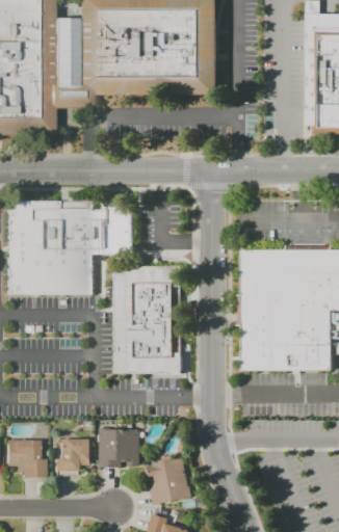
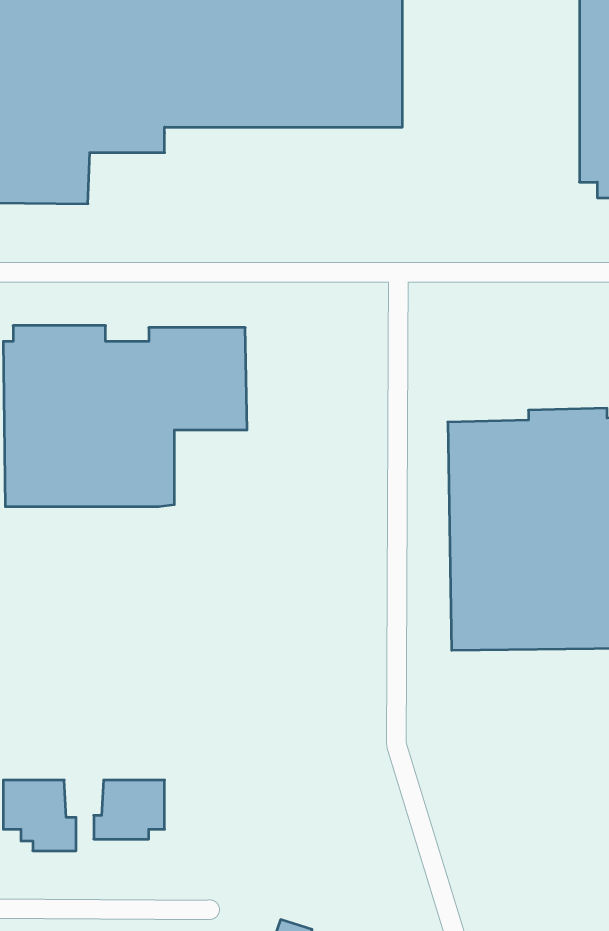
building: [113,264,184,373] -> none
building: [98,426,139,466] -> none
building: [147,457,192,504] -> none

